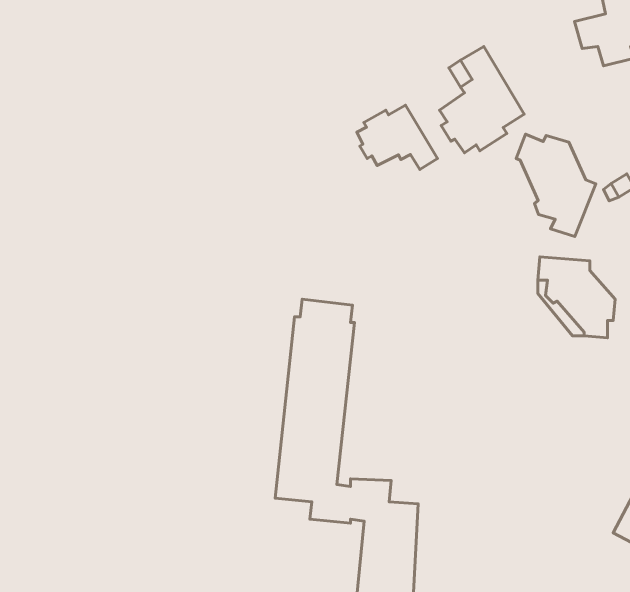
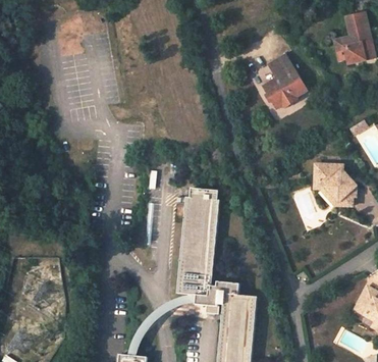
building: [357,105,438,170] -> none
building: [516,134,596,236] -> none

